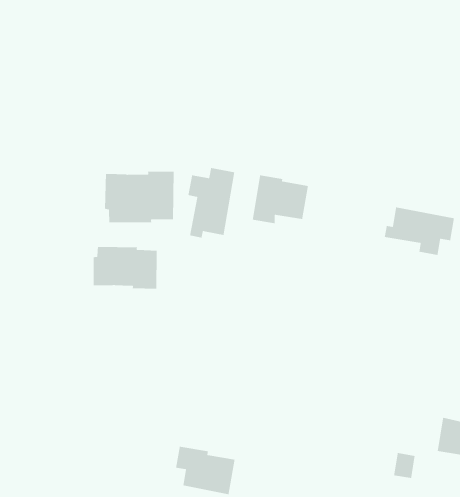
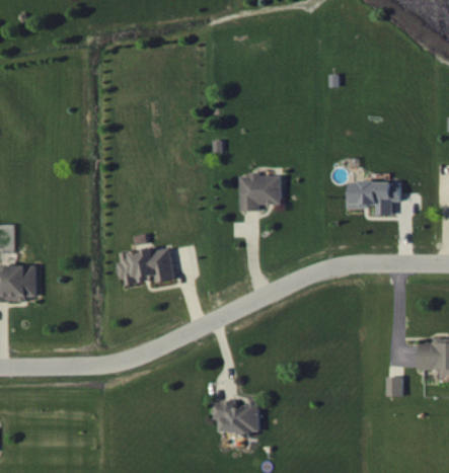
building: [188,167,235,238] -> none
building: [104,171,175,223] -> none

